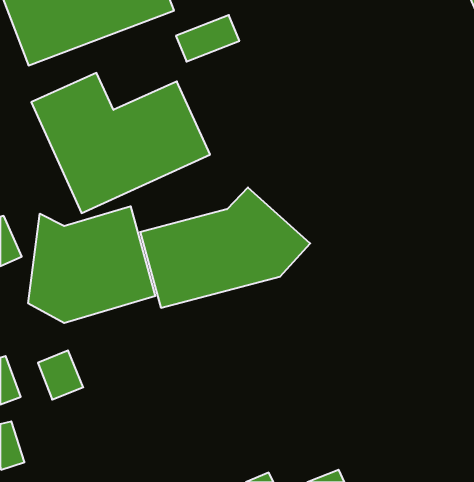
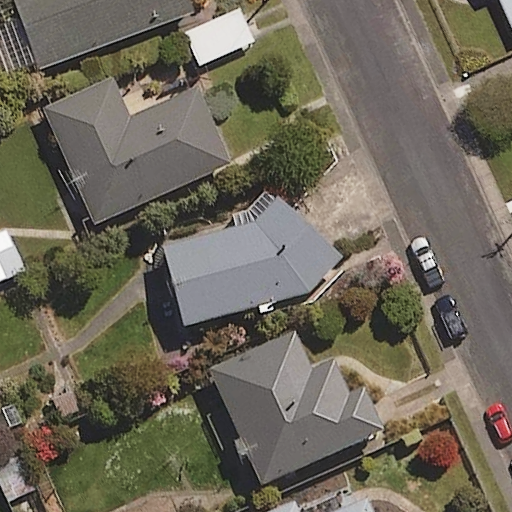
building: [28,206,155,323] -> none
building: none -> [205,328,381,485]

